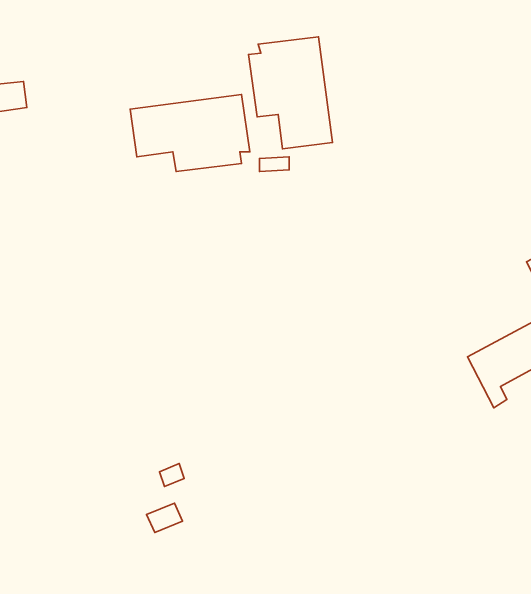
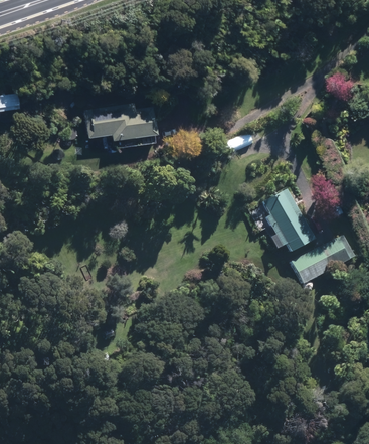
building: [249,37,333,149] -> none
building: none -> [248,190,314,253]

